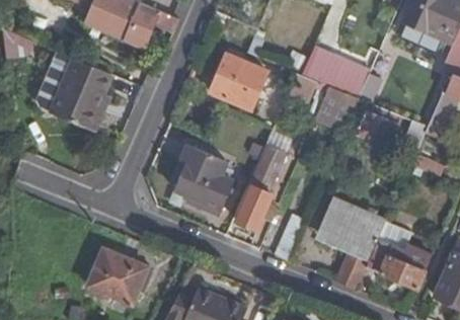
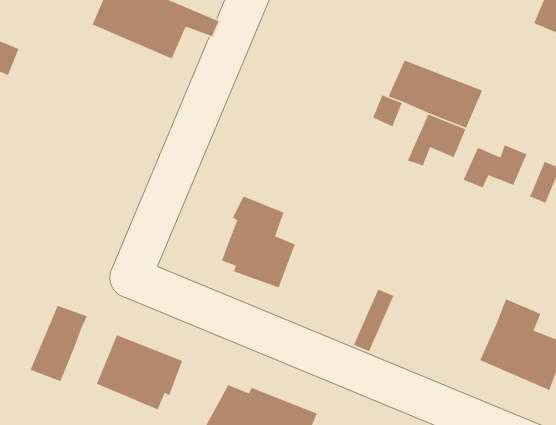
building: [210,57,264,109] -> none
building: [34,61,106,131] -> none
building: [235,145,287,230] -> none
building: [318,197,386,289] -> none
building: none -> [30,305,88,382]

